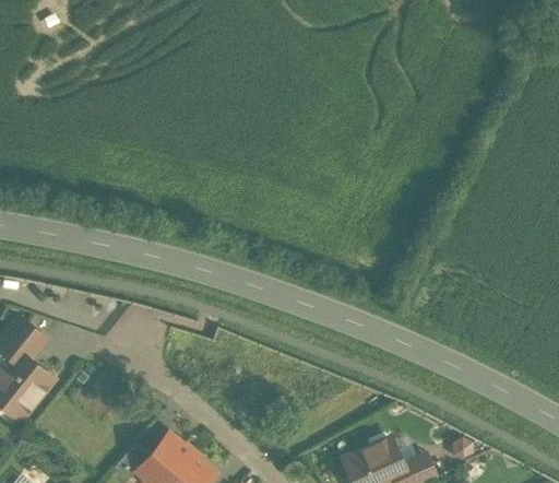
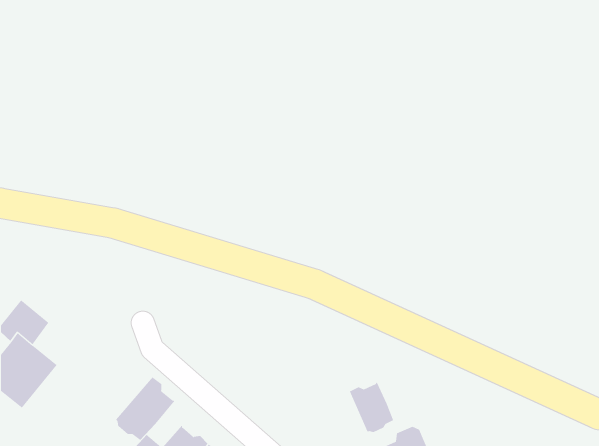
building: none -> [116,377,175,441]
building: none -> [349,382,394,433]

